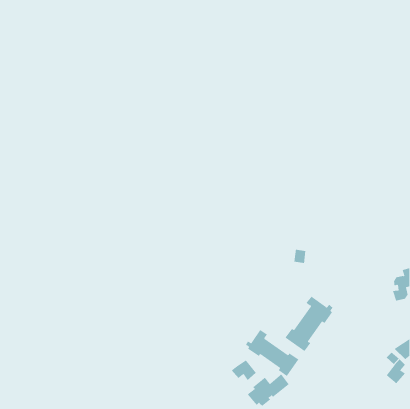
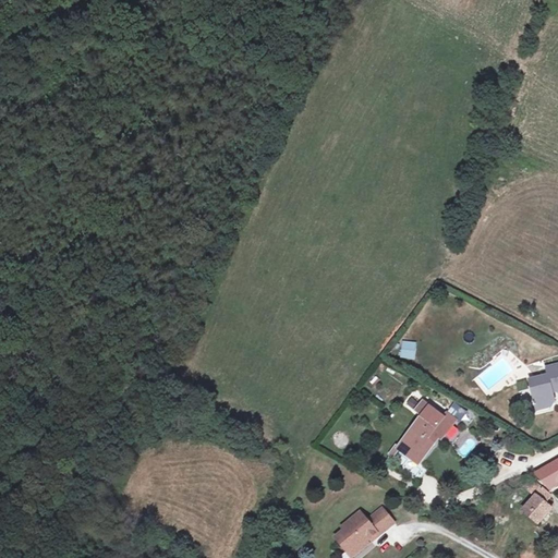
building: [245,329,299,377] -> none
building: [231,359,256,381] -> none

